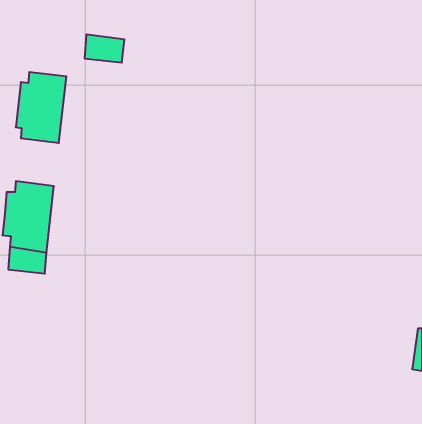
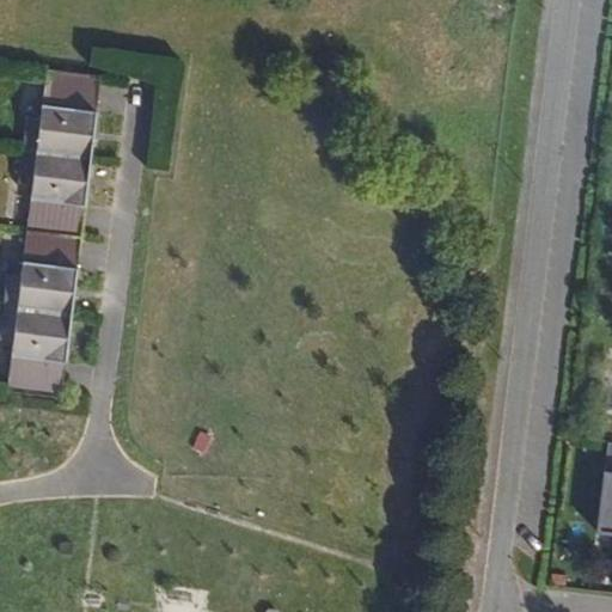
building: [85,34,124,63] -> [42,69,99,110]
building: none -> [23,198,85,268]

